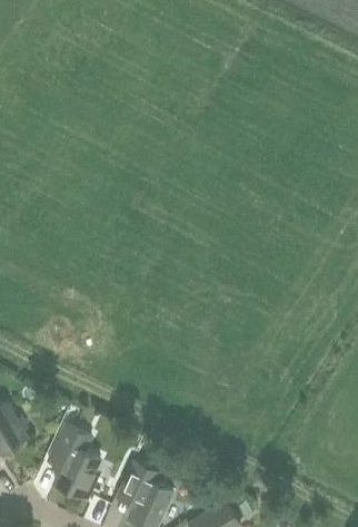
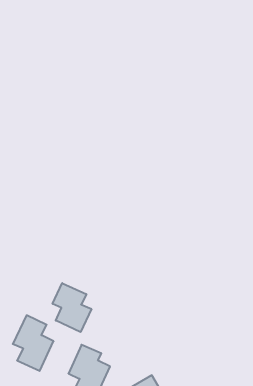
building: none -> [53,283,91,332]

